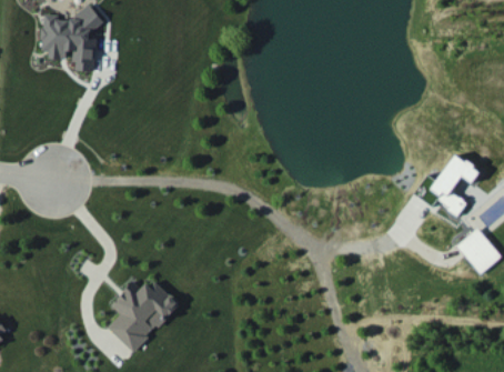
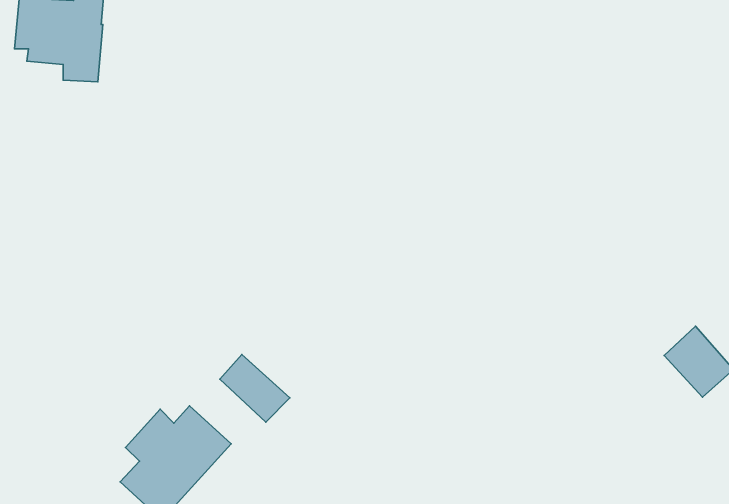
building: [429,154,481,213] -> none
building: none -> [220,355,290,422]

